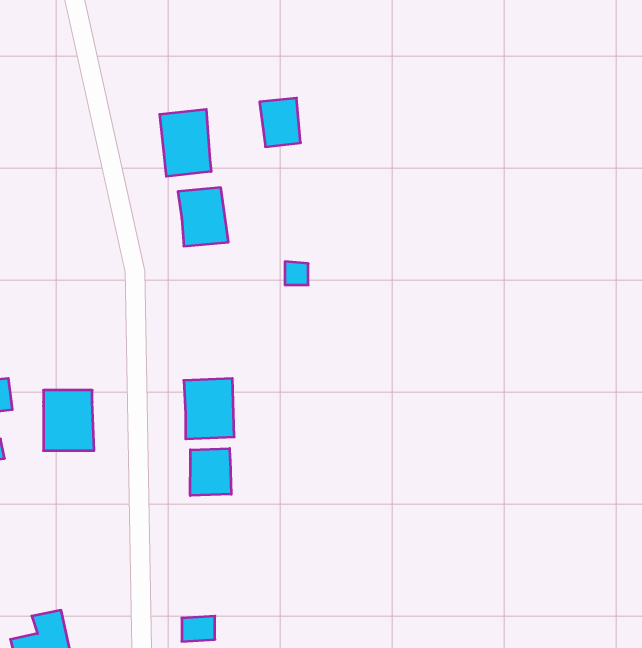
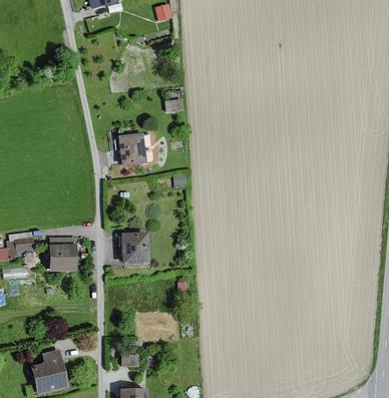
building: [160,109,211,176] -> none
building: [190,448,231,496] -> none

